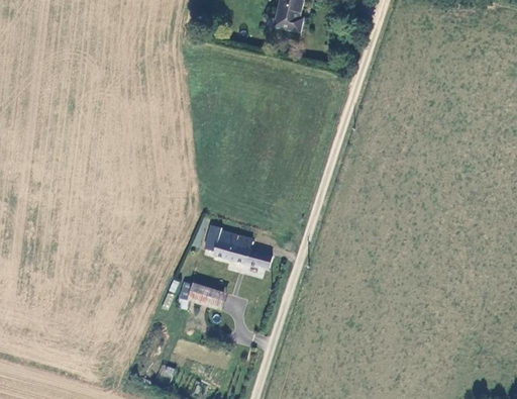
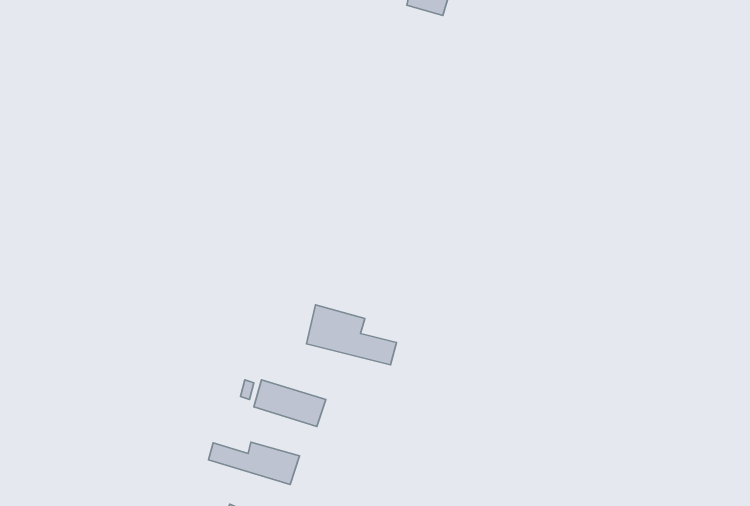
building: none -> [208,442,299,485]

